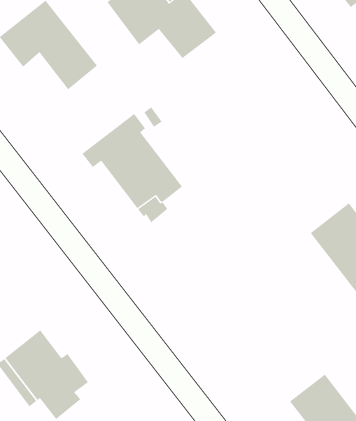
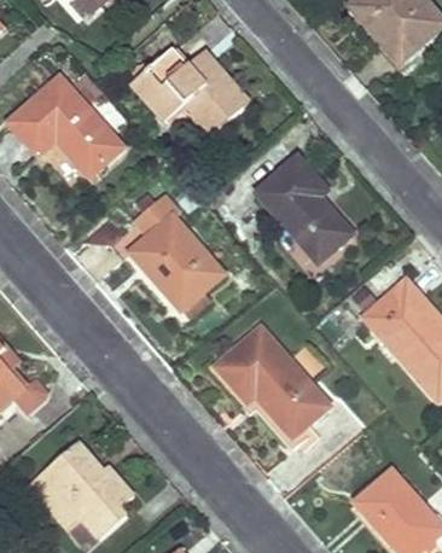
building: none -> [258,158,351,262]
building: none -> [219,328,331,437]

